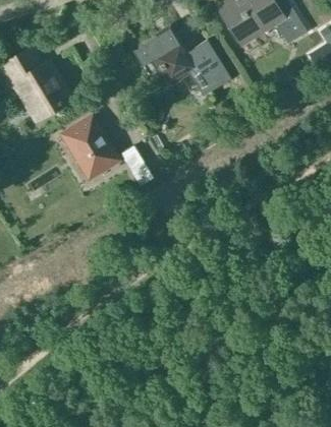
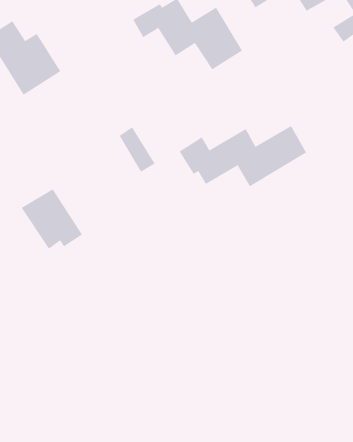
building: [63,117,118,171] -> [21,188,83,249]
building: none -> [179,125,307,187]

